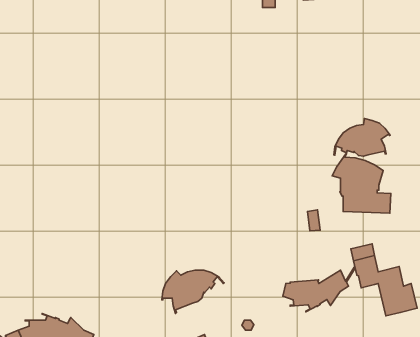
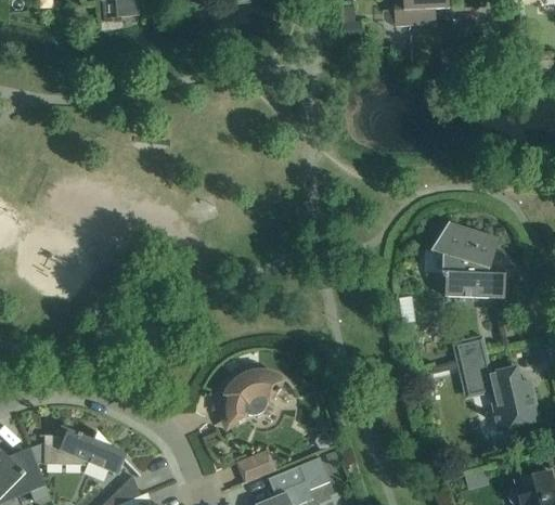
building: [334,119,390,156] -> none
building: [283,267,355,312] -> none

